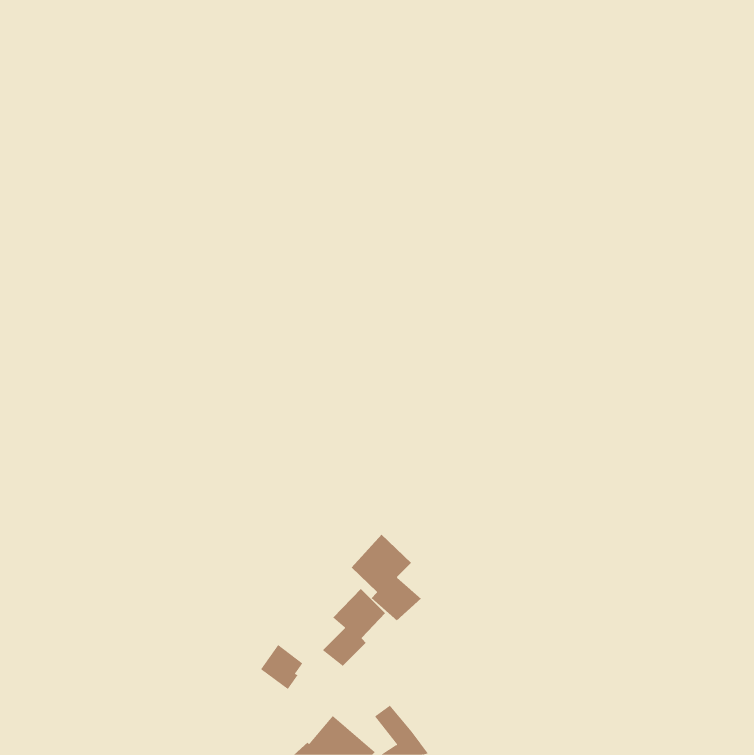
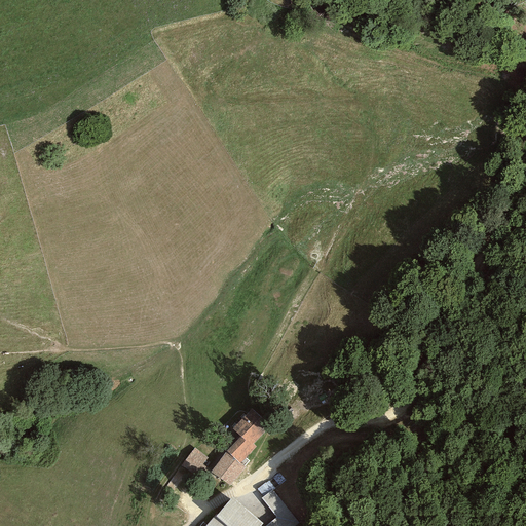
building: [351,534,422,621] -> none
building: none -> [210,452,243,486]

